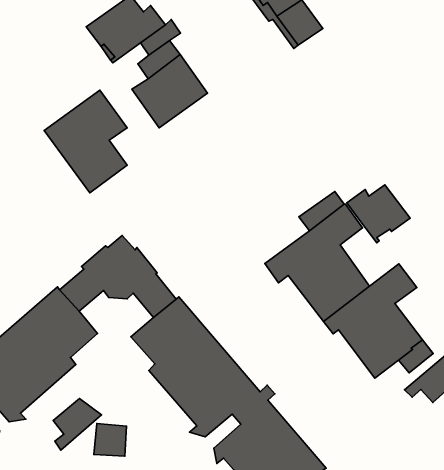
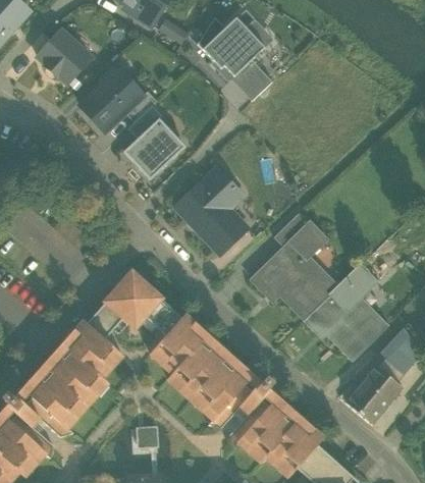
building: [44,90,127,193] -> [176,168,248,253]
building: [347,185,410,243] -> none
building: none -> [347,365,403,423]
building: [53,399,101,450] -> none

